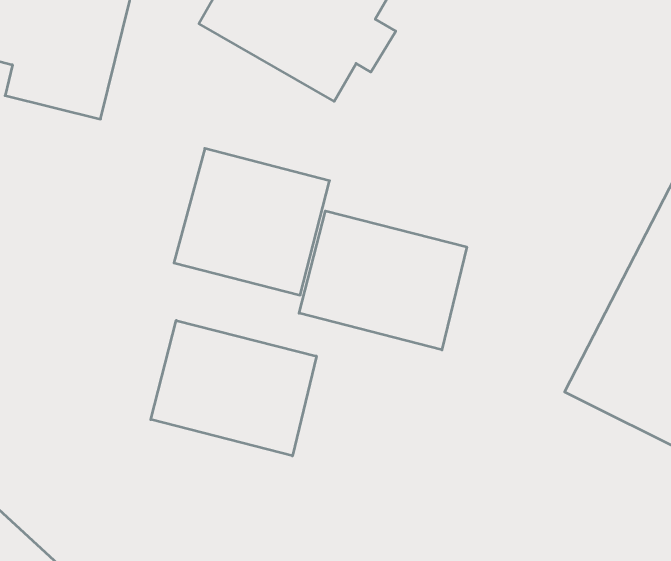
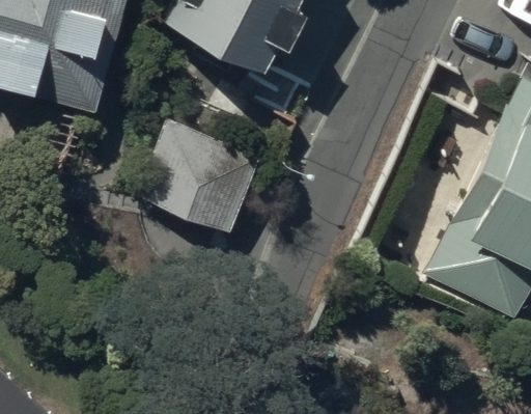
building: [299,211,467,350] -> none
building: [151,320,316,456] -> none

